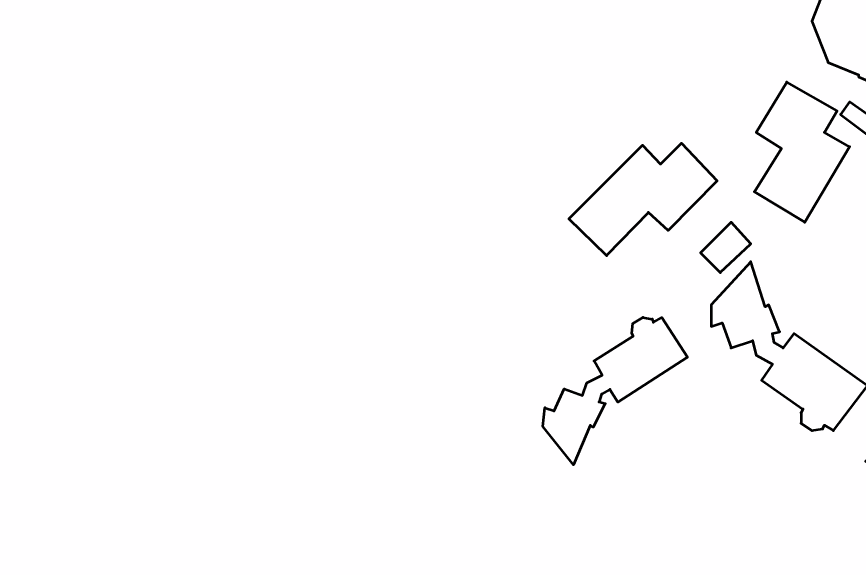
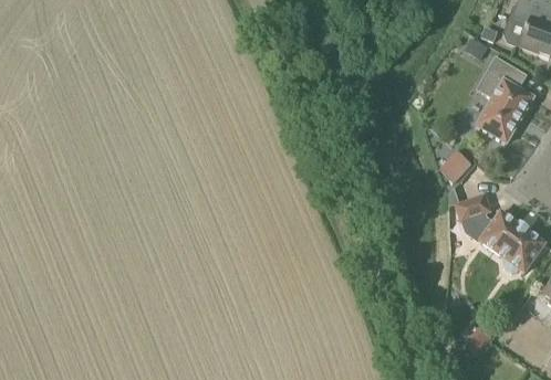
building: [569,143,717,256] -> none
building: [543,317,687,465] -> none

